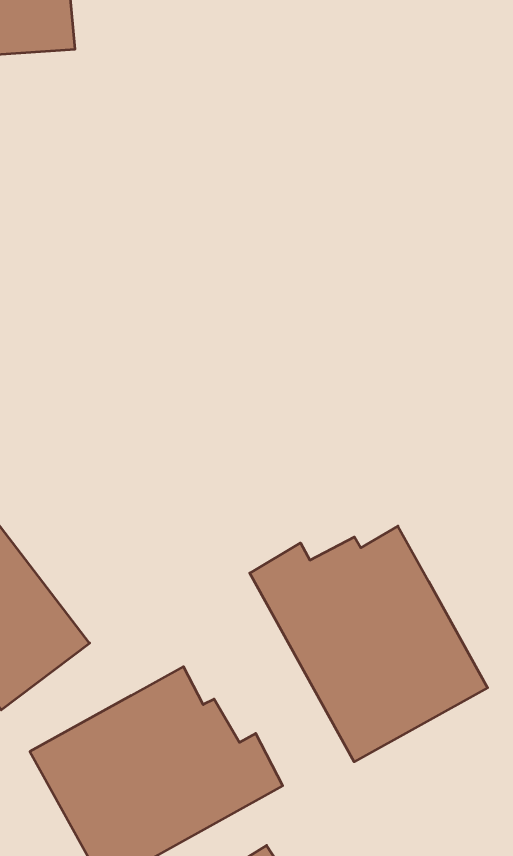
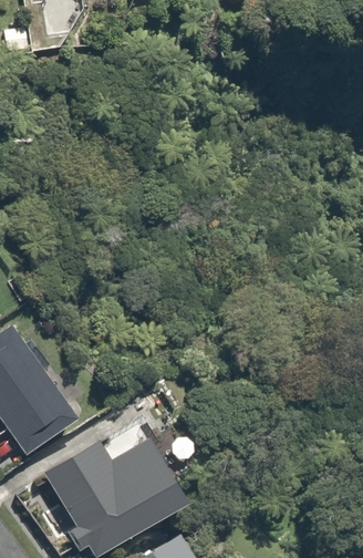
building: [250,526,488,762] -> none

